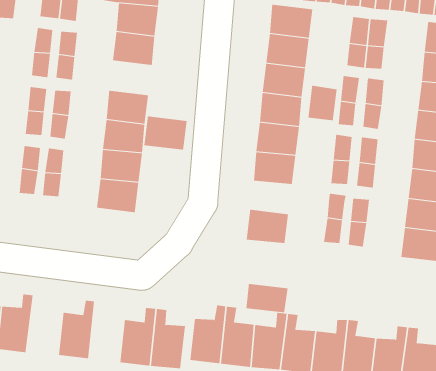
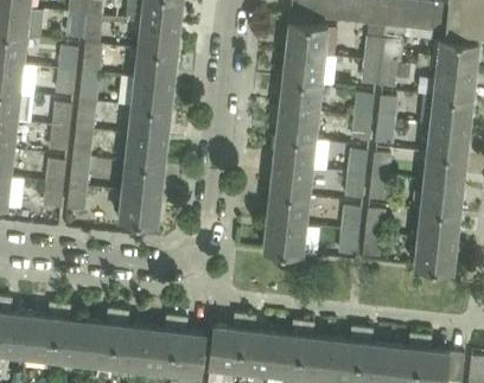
building: [308,85,337,121] -> none
building: [143,116,188,150] -> [130,81,173,114]
building: none -> [267,197,308,229]
building: [246,283,288,313] -> none
building: none -> [51,307,87,365]
building: none -> [112,313,146,372]

